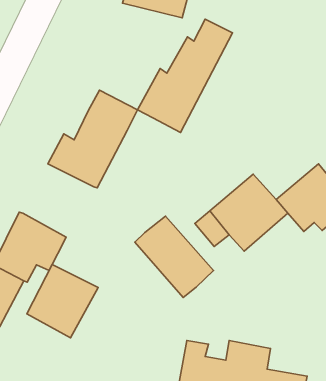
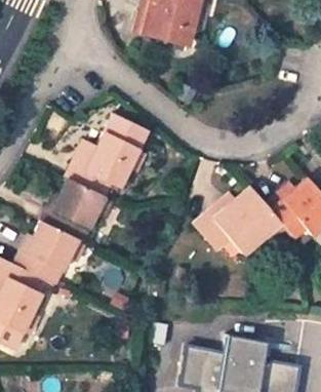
building: [137,19,232,133] -> none
building: [135,216,213,298] -> none
building: [27,265,98,338] -> [45,177,109,242]

